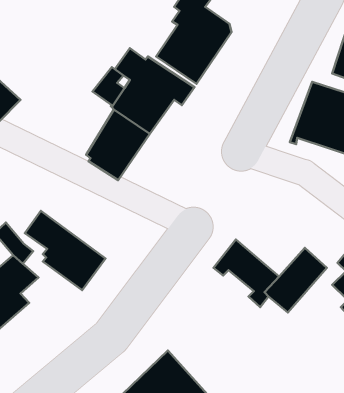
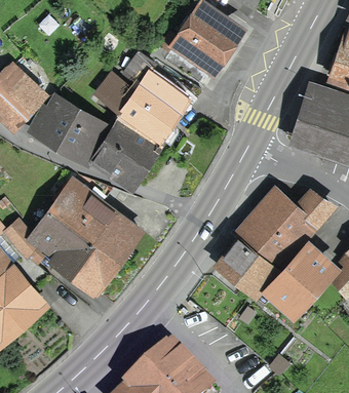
building: none -> [33,96,104,156]
building: none -> [52,172,138,254]
building: none -> [241,190,331,267]

